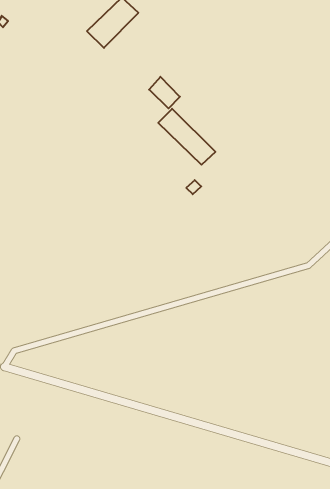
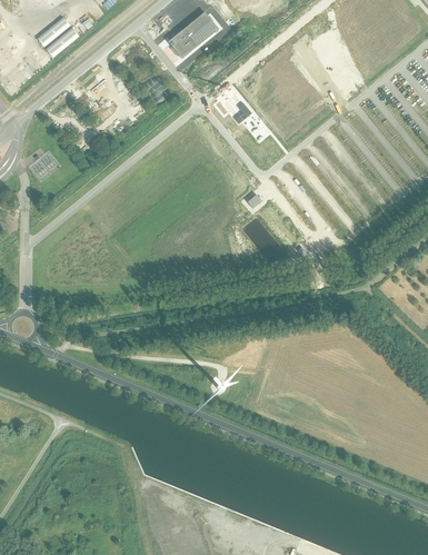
building: [158,109,215,165] -> none

